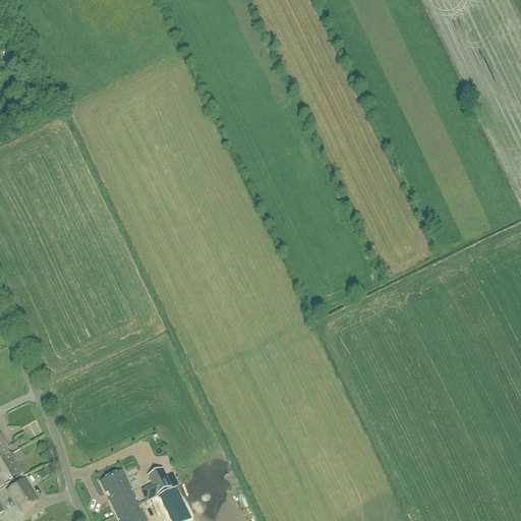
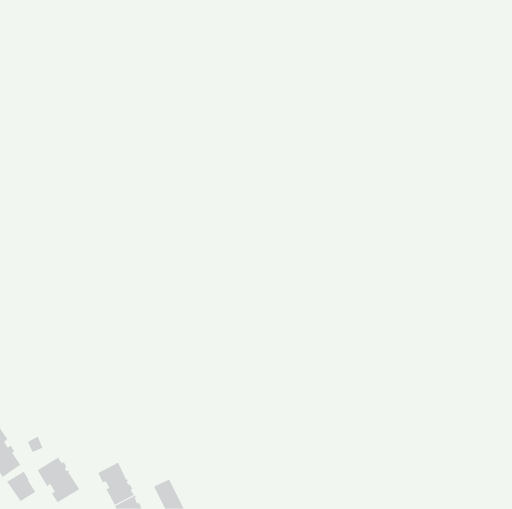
building: none -> [37,456,80,503]
building: [147,467,171,496] -> none

